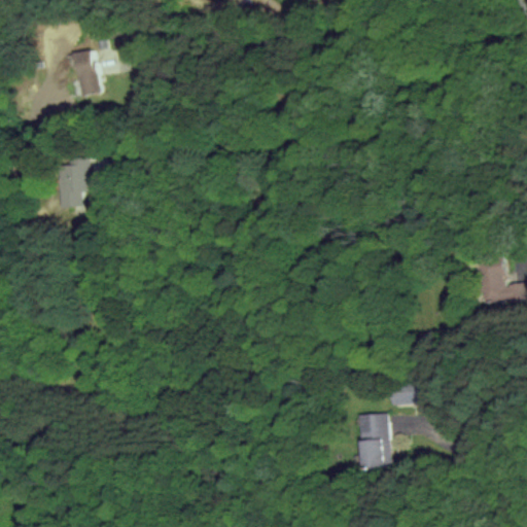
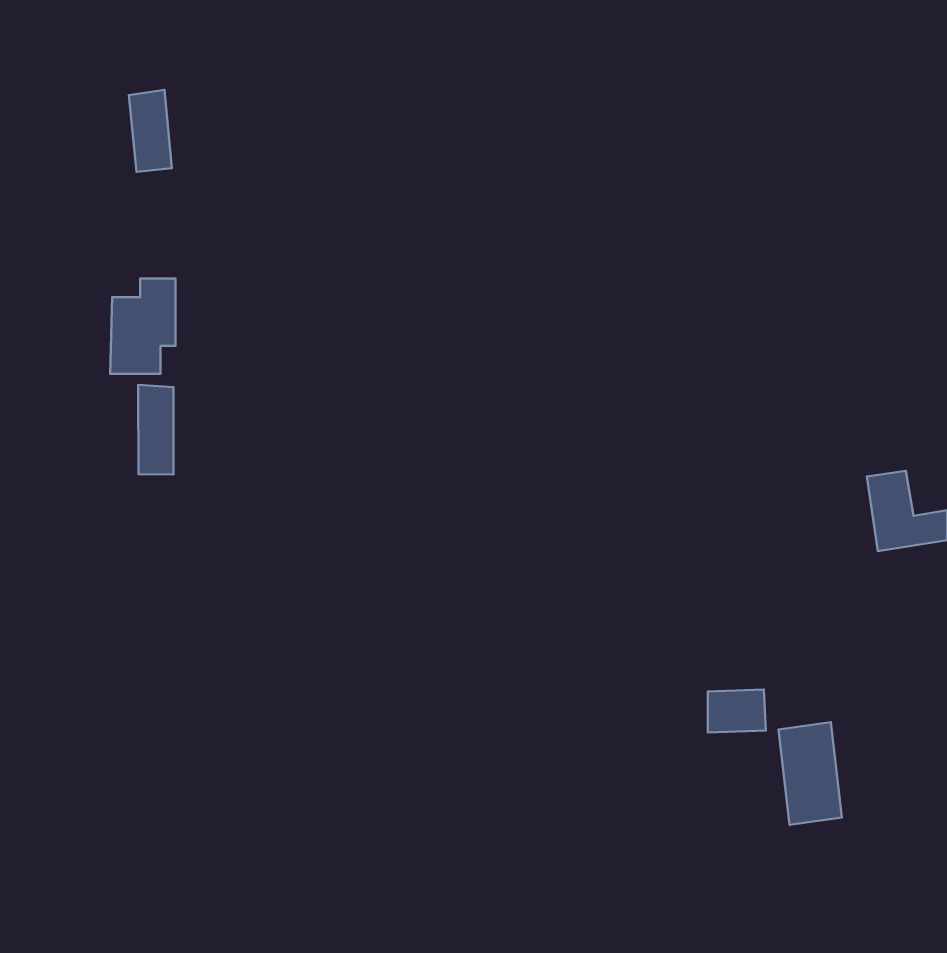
building: none -> [138,385,174,474]
building: [356,413,391,469] -> [778,722,842,825]

